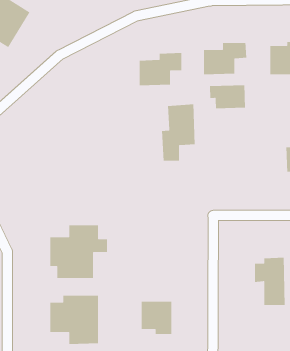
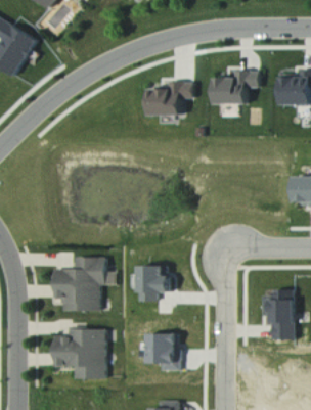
building: [209,85,246,109] -> none
building: [161,104,195,161] -> none
building: none -> [138,266,171,302]

